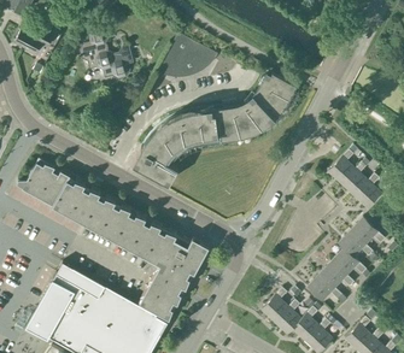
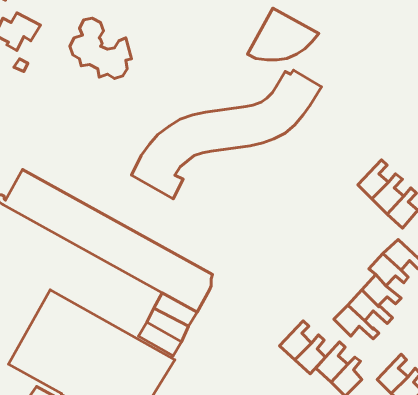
building: [157,33,218,77] -> [248,8,319,60]

